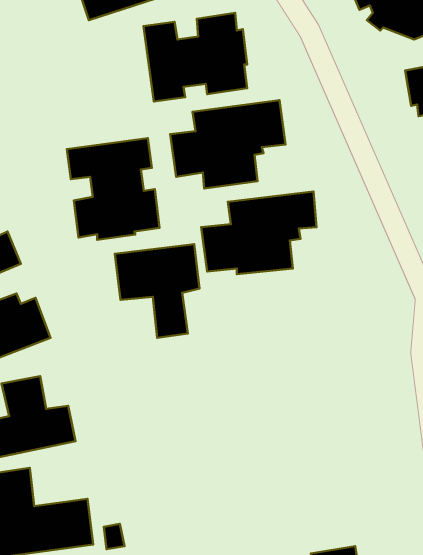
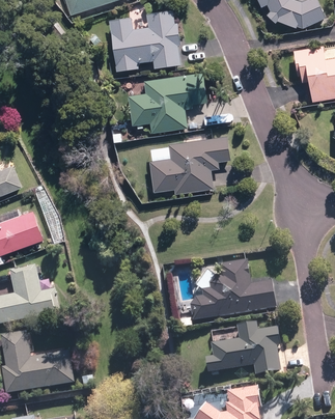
building: [67,138,160,240] -> none
building: [115,244,200,338] -> none
building: none -> [190,259,277,319]
building: none -> [205,323,281,375]

